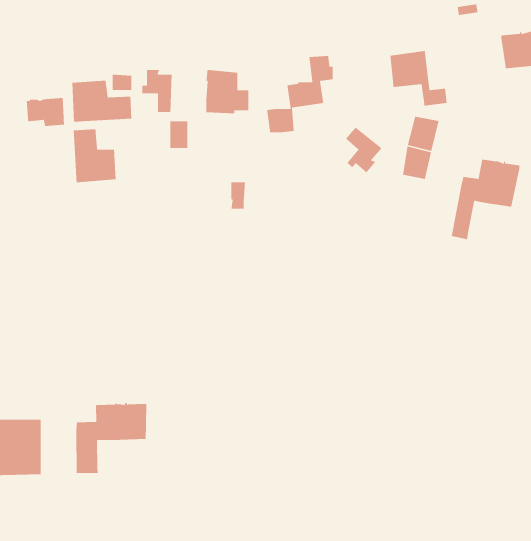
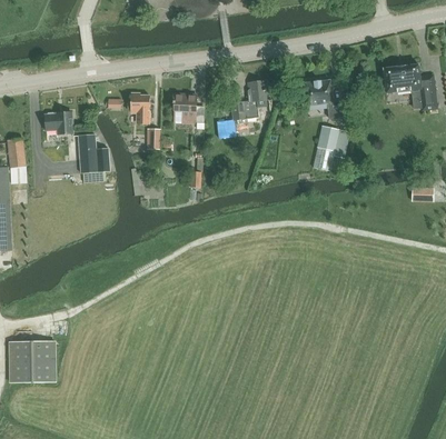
building: [72,80,132,122] -> none
building: [345,126,382,173] -> none
building: [451,159,521,240] -> none
building: [75,402,147,474] -> none

